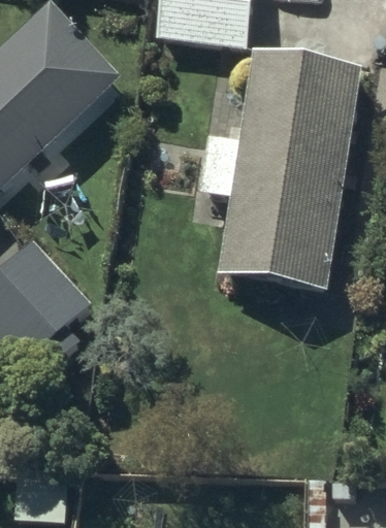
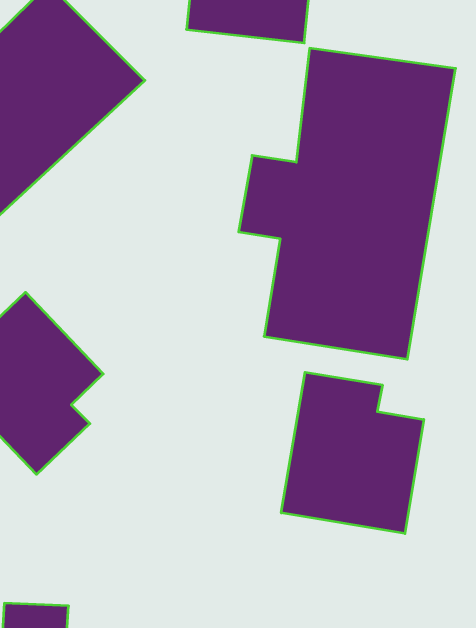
building: none -> [281,372,424,534]

